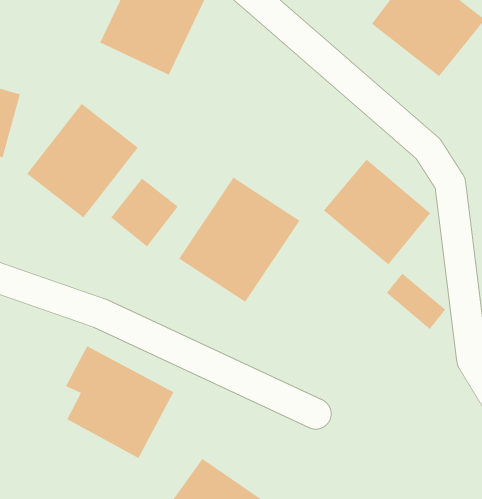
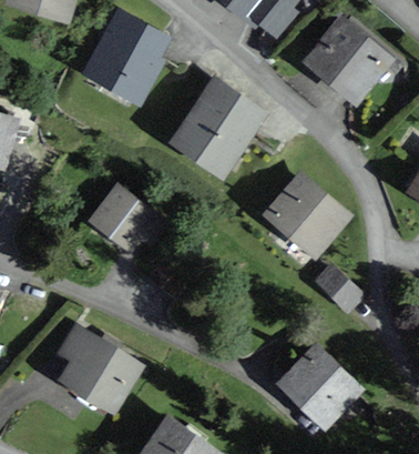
building: [26,103,139,218] -> none
building: [178,177,300,303] -> [168,78,267,180]
building: none -> [275,342,362,430]

